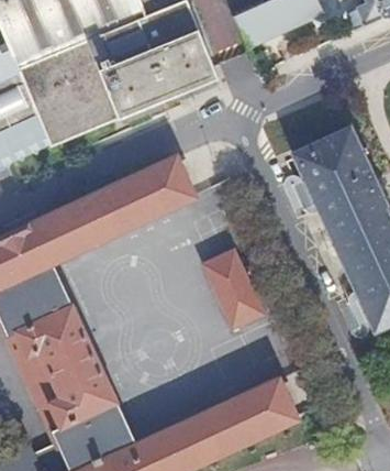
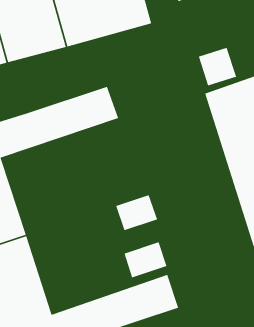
building: none -> [198,47,237,86]
building: [186,252,241,302] -> none
building: none -> [123,241,167,278]

